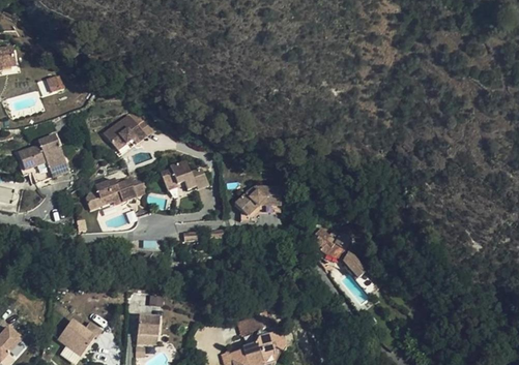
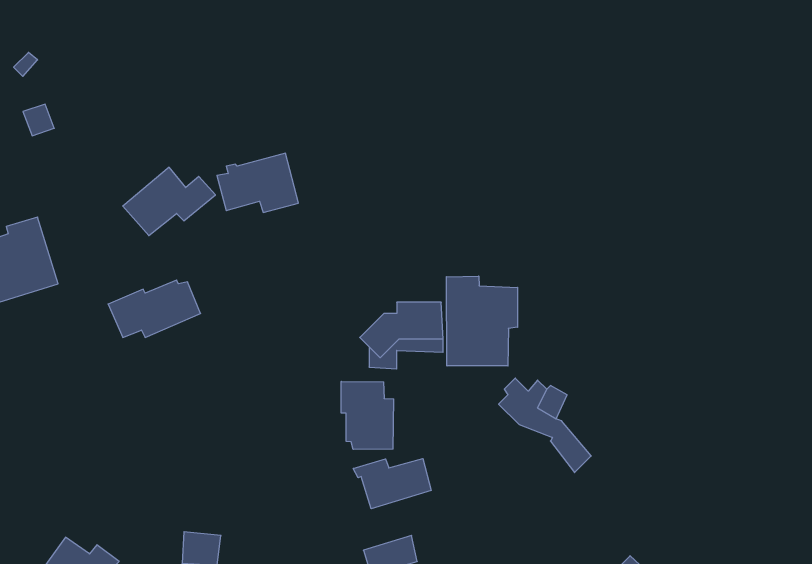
building: [164,159,209,192] -> [217,153,298,212]
building: none -> [446,276,518,366]
building: none -> [341,381,394,449]
building: none -> [353,459,431,509]

